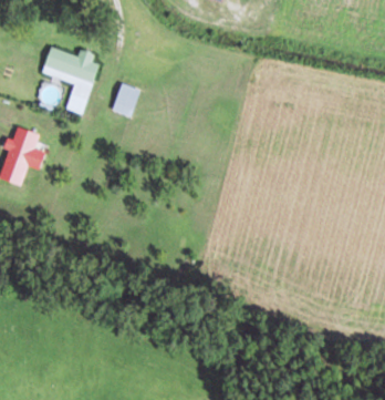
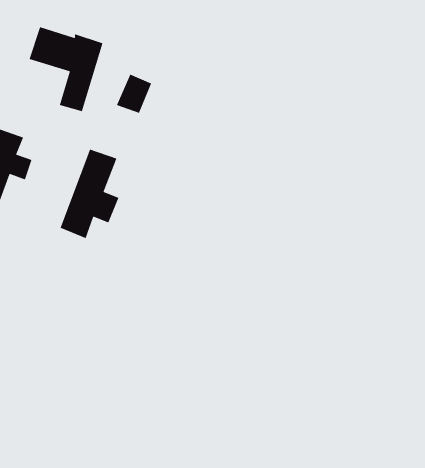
building: none -> [59,148,119,239]

